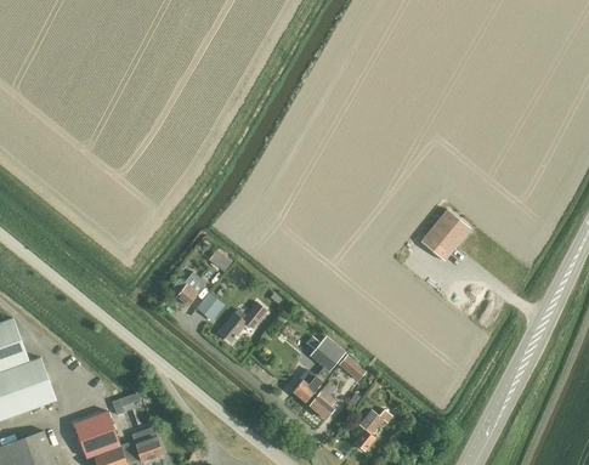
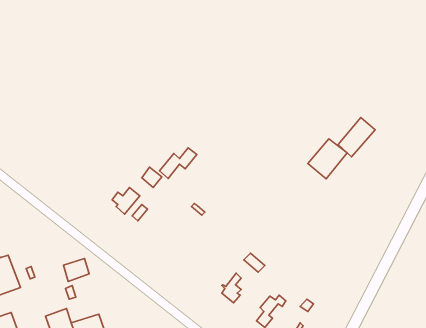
building: none -> [338,118,375,157]
building: [220,302,267,341] -> [159,148,197,178]
building: [293,336,344,407] -> none
building: [79,406,112,435] -> [63,258,89,281]

